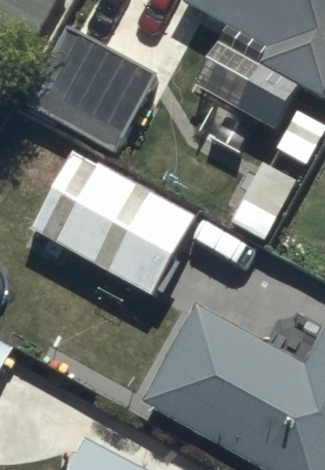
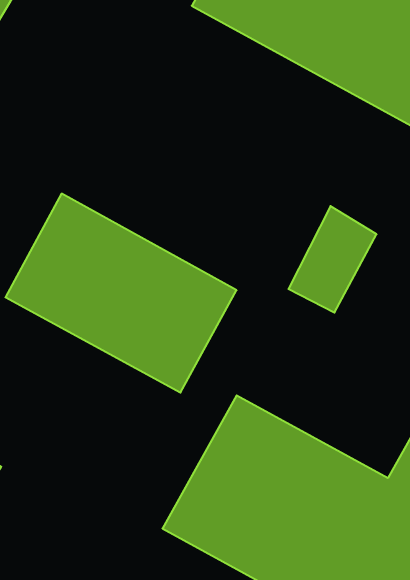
building: [26,28,162,155] -> none

